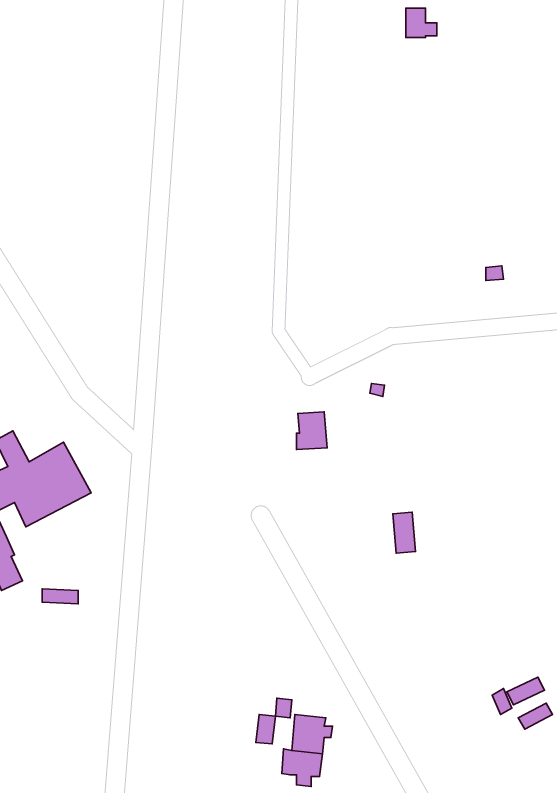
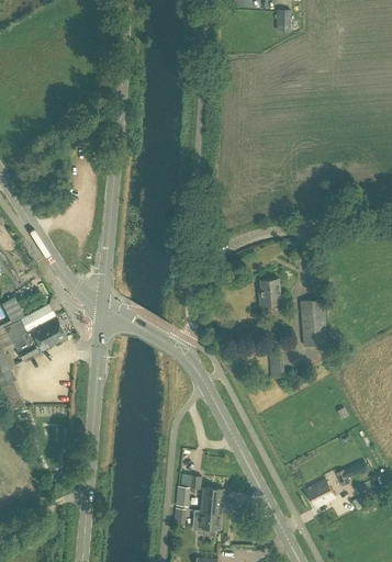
building: [296,412,327,449] -> [259,279,280,304]
building: none -> [299,299,327,346]
building: none -> [305,479,334,507]

